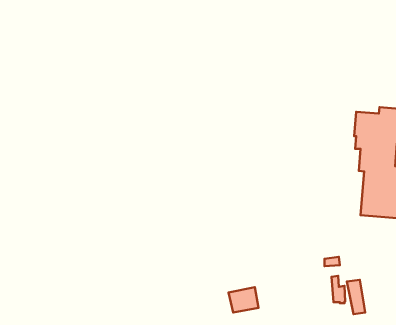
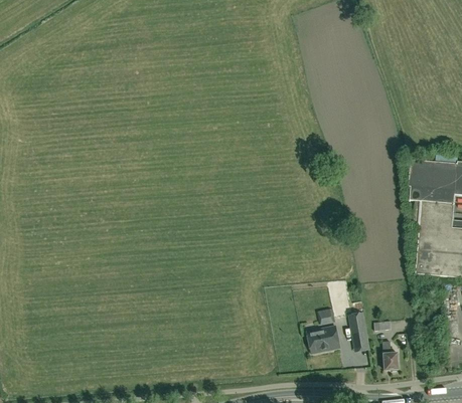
building: [347,280,365,314] -> [348,314,368,352]
building: [229,287,258,312] -> [306,326,339,354]

